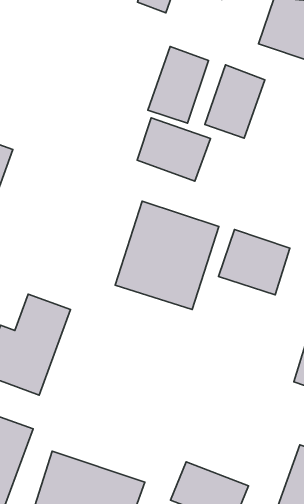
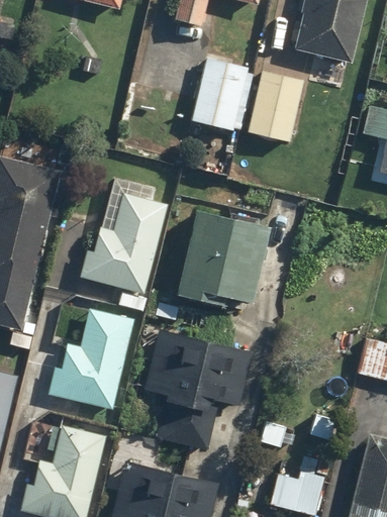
building: [137,118,211,181] -> none
building: none -> [81,195,166,292]
building: [219,230,290,295] -> none
building: none -> [146,331,252,451]

